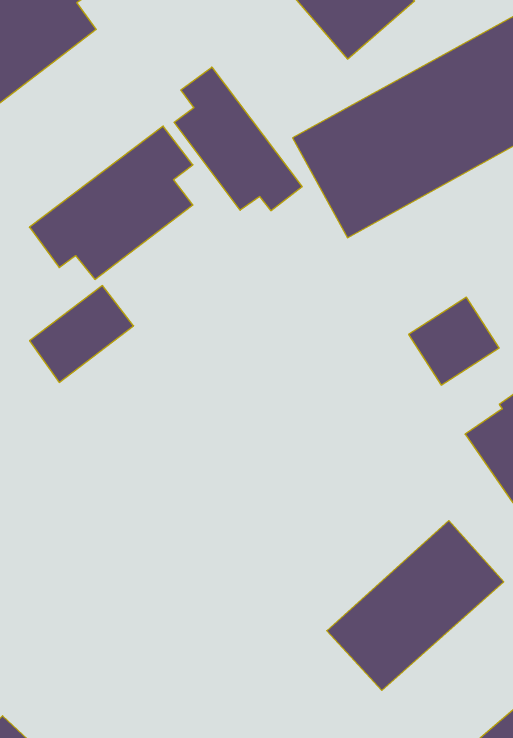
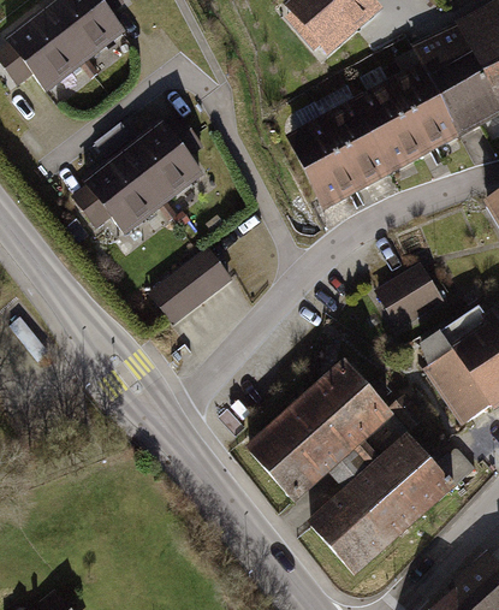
building: [174,67,302,211] -> none
building: [30,286,134,382] -> [147,245,231,324]
building: none -> [246,363,390,502]

